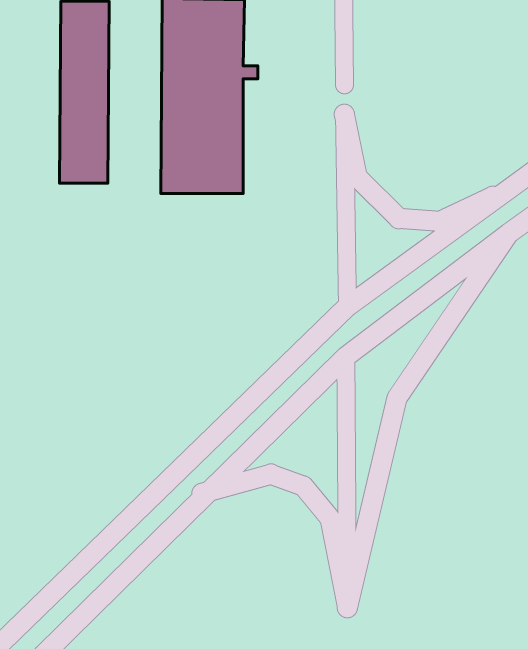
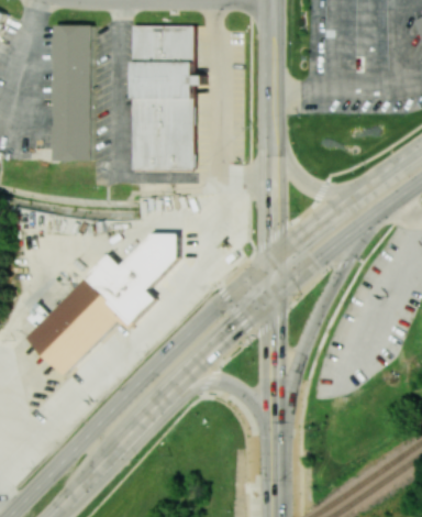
building: none -> [25,232,179,375]

